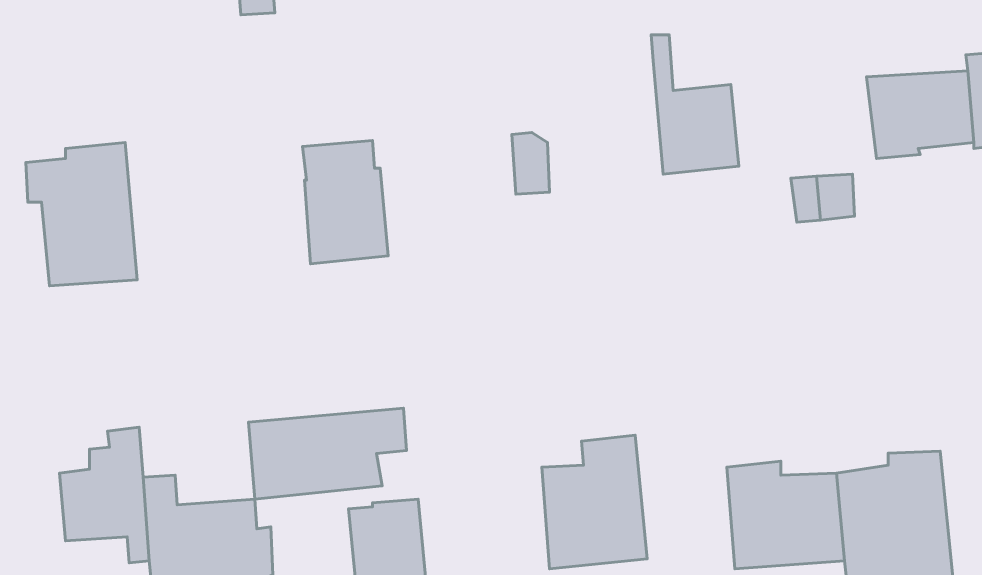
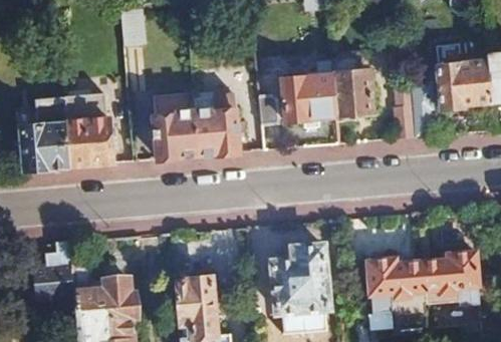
building: none -> [279,56,335,118]
building: none -> [192,92,238,154]
building: none -> [64,94,112,166]
building: [248,408,407,499] -> none

